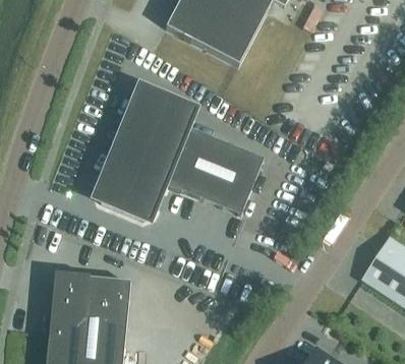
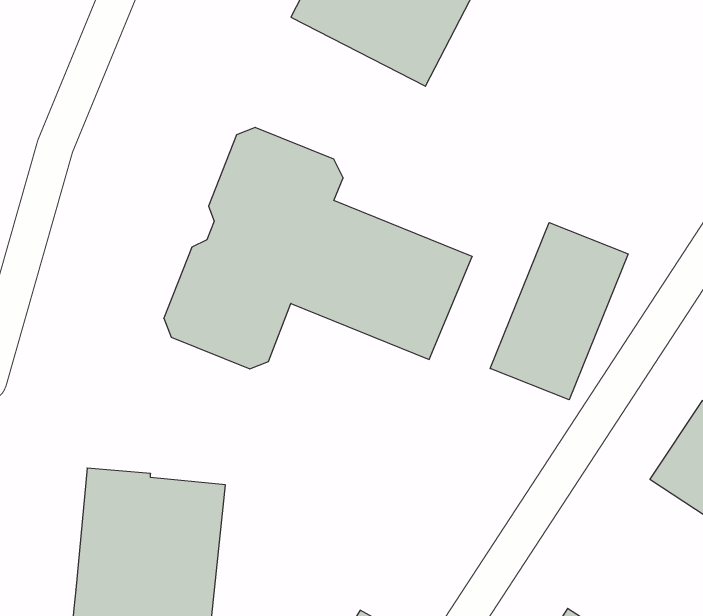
building: none -> [490,223,628,400]

